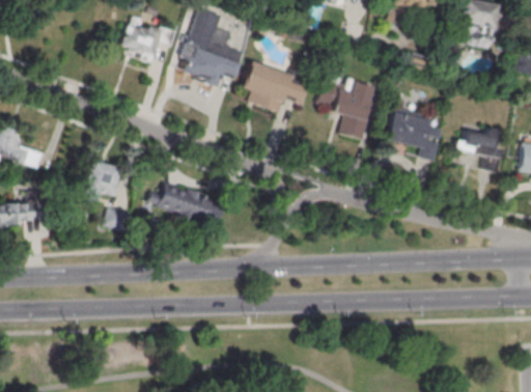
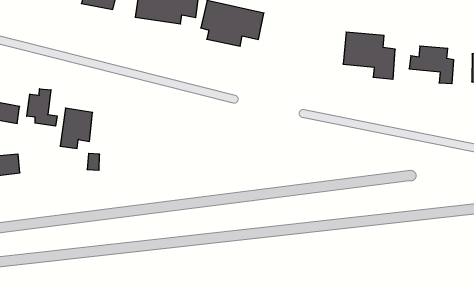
building: [318,80,378,140] -> none
building: none -> [27,89,57,126]
building: [146,184,225,225] -> none

